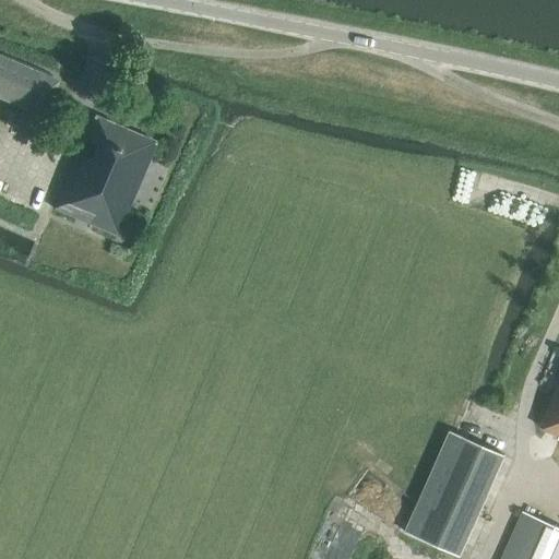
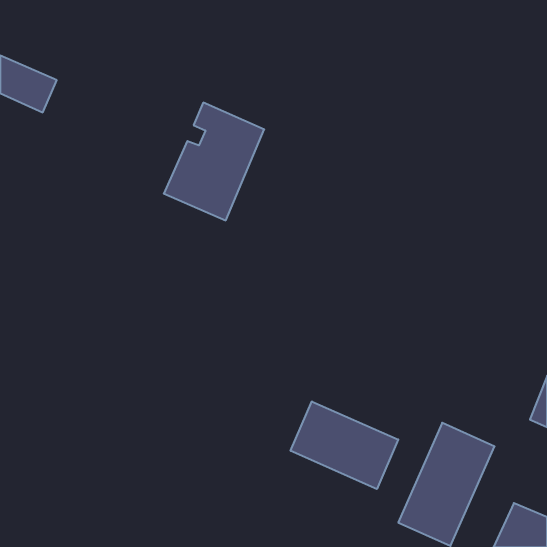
building: [53,116,156,236] -> [164,103,264,220]
building: none -> [291,401,398,489]

